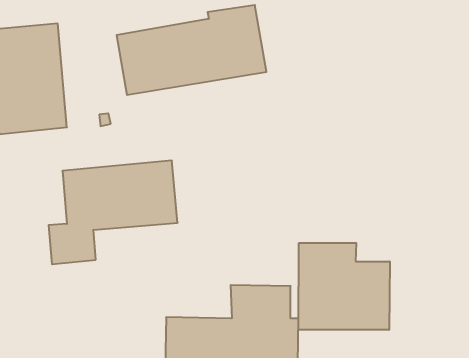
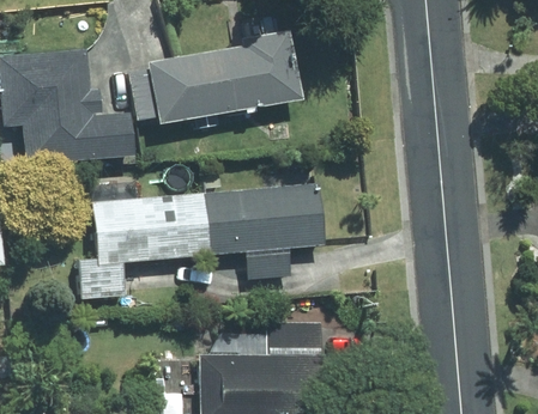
building: none -> [205,182,325,256]
building: [299,243,390,330] -> none

